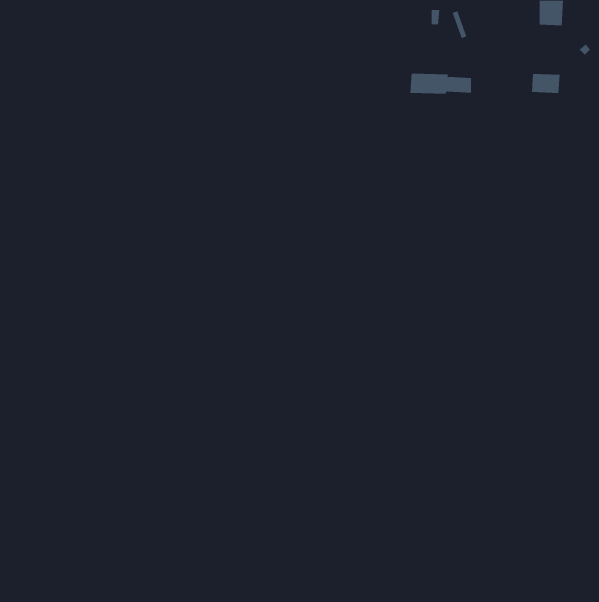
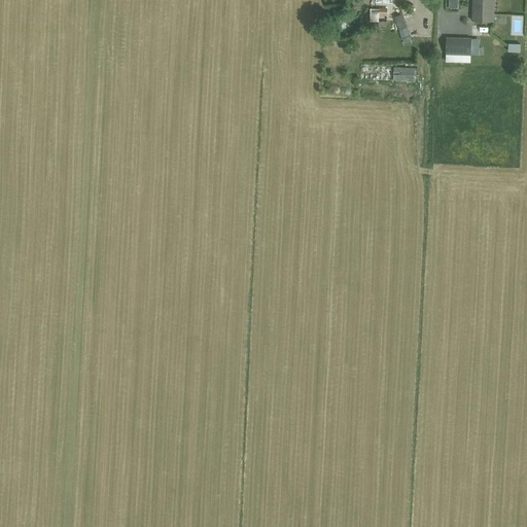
building: [531,73,560,93] -> [445,38,470,56]

